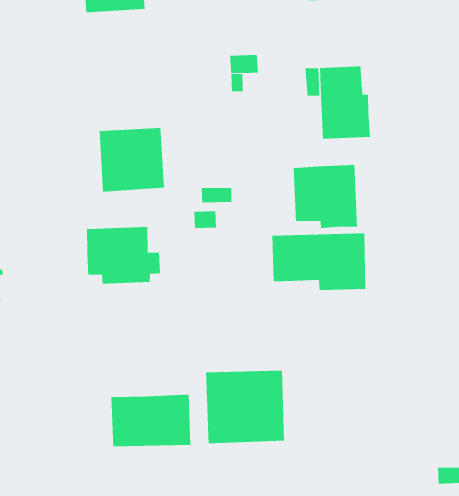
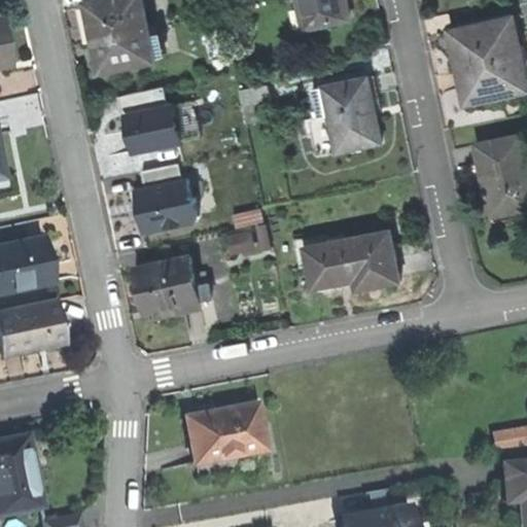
building: none -> [121,85,185,151]
building: [293,164,358,229] -> none
building: [205,370,285,444] -> none

